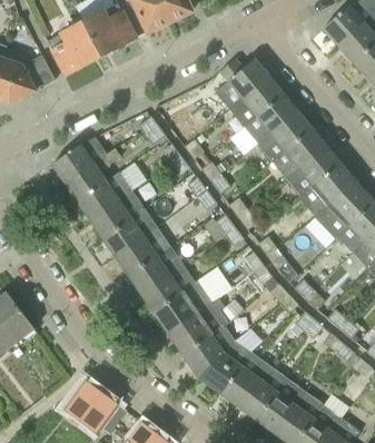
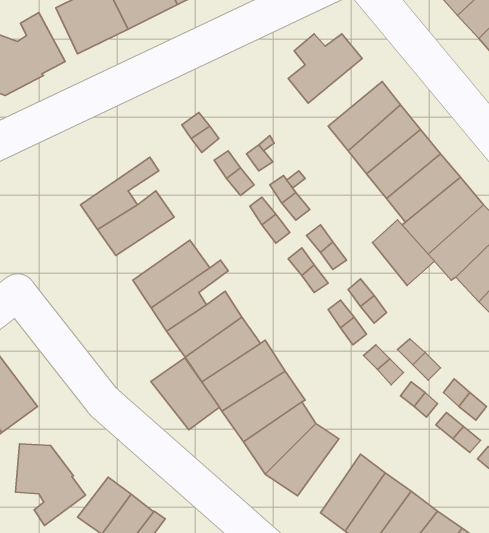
building: [230,78,284,127] -> none
building: [52,138,108,184] -> none
building: [91,193,145,238] -> none
building: none -> [372,220,434,286]
building: none -> [151,358,219,430]
building: [223,353,268,406] -> none
building: none -> [15,444,85,525]

